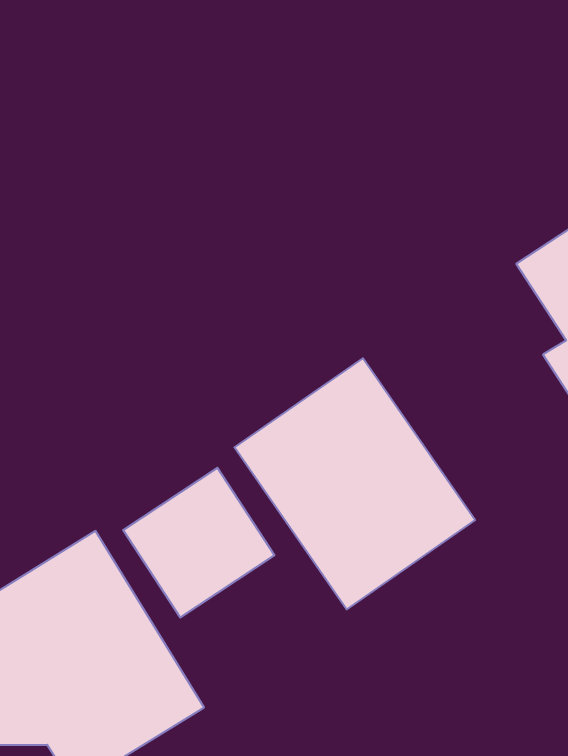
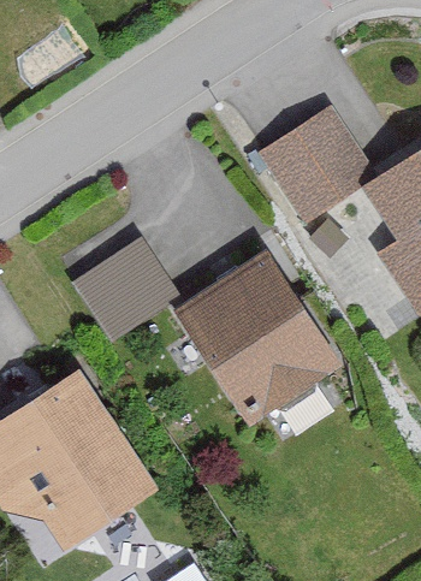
building: none -> [262,111,370,219]
building: [123,468,275,617] -> [73,238,176,339]

